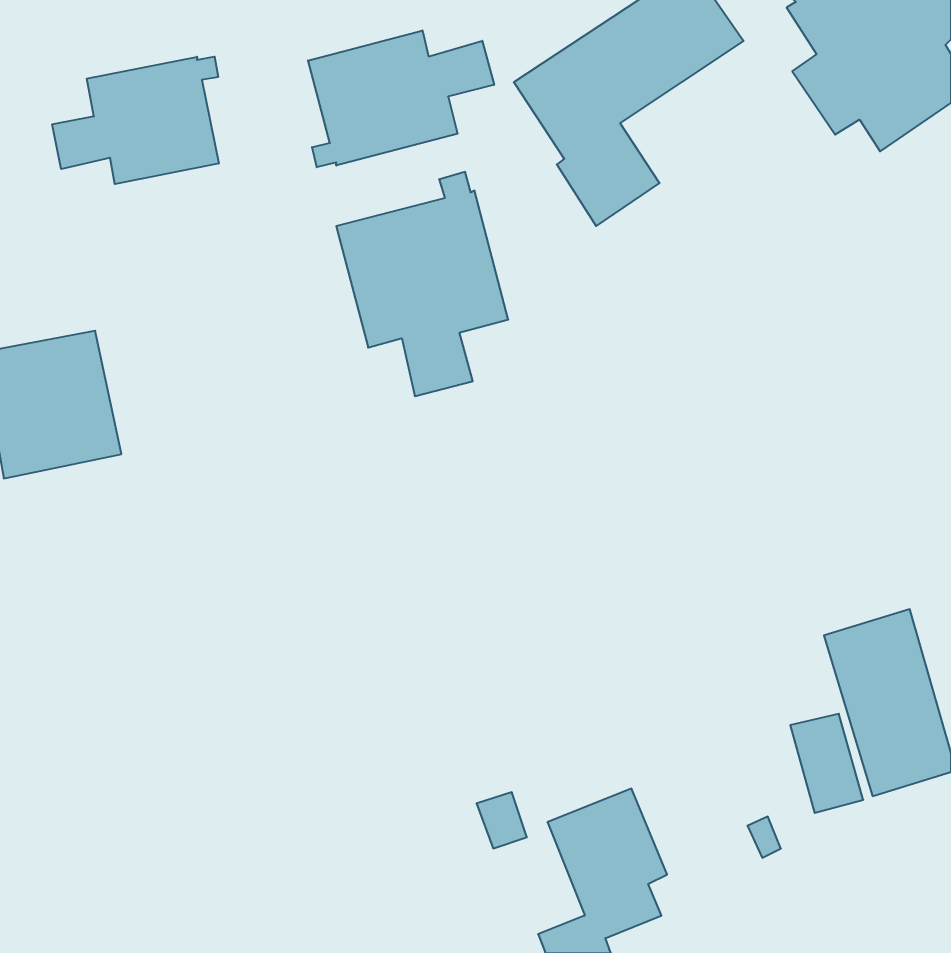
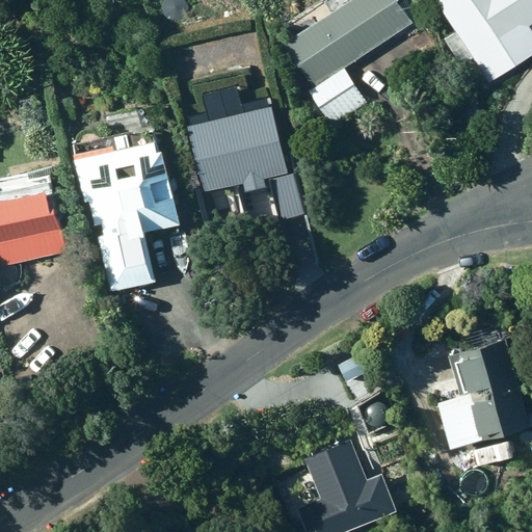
building: [308,30,494,167] -> none
building: [52,57,219,184] -> none
building: none -> [75,130,180,293]

